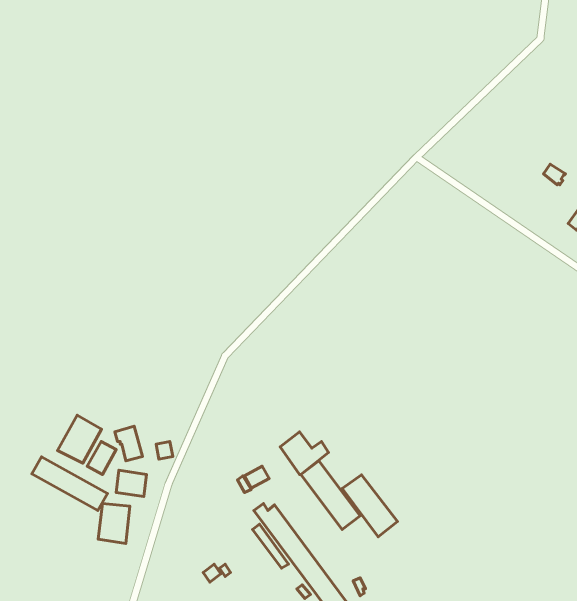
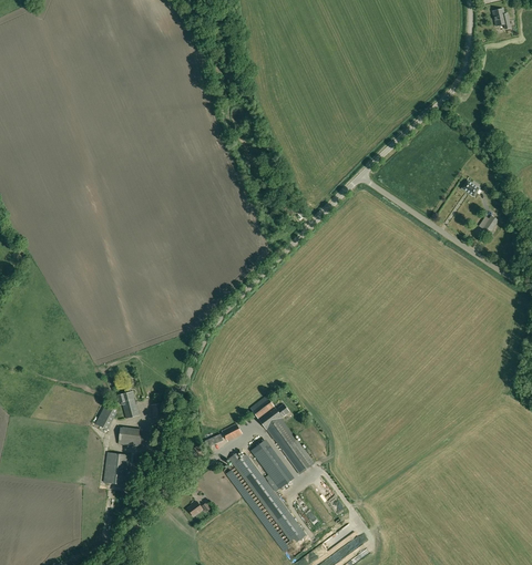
building: [57,415,101,463] -> none
building: [32,457,108,510] -> none
building: [342,475,397,537] -> [249,441,294,491]

